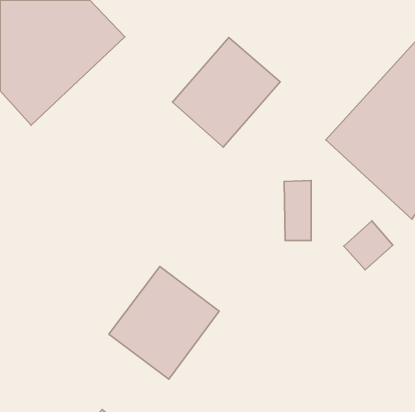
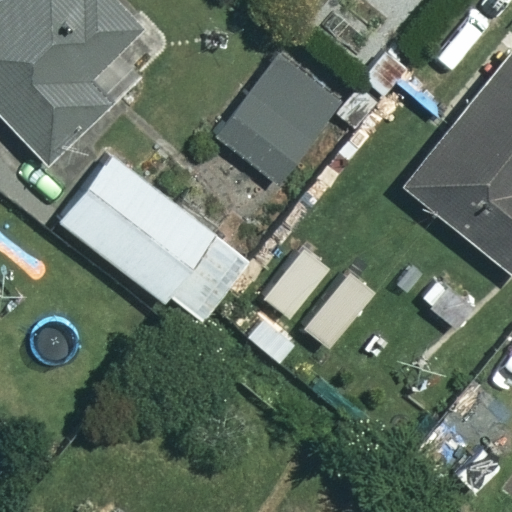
building: none -> [57,154,248,326]
building: [109,267,219,379] -> none

